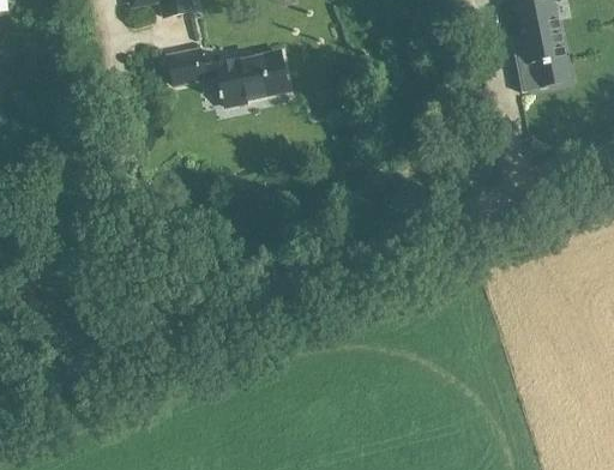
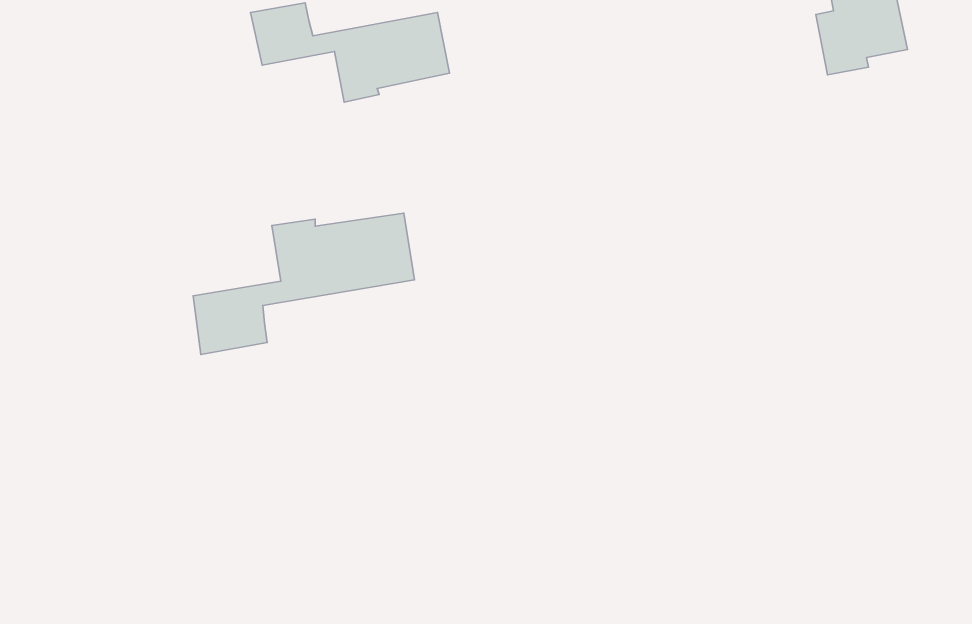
building: none -> [193,213,414,354]

